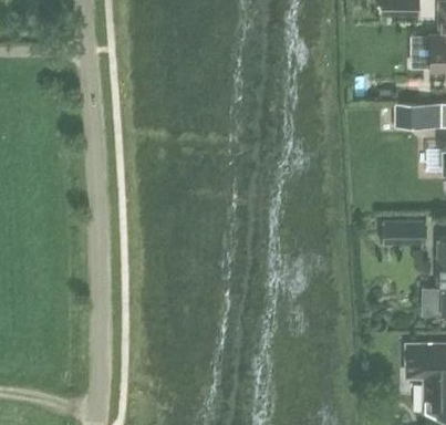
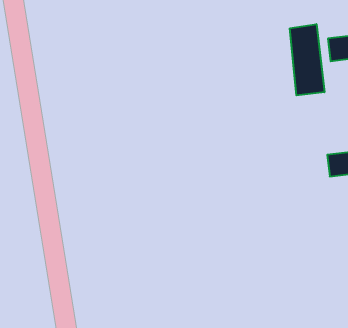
building: none -> [290,24,324,95]

